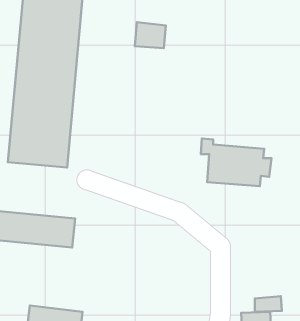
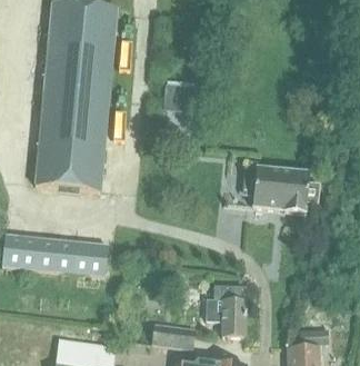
building: [135,22,166,48] -> [164,81,198,109]
building: none -> [208,283,248,335]
building: none -> [154,323,196,347]

